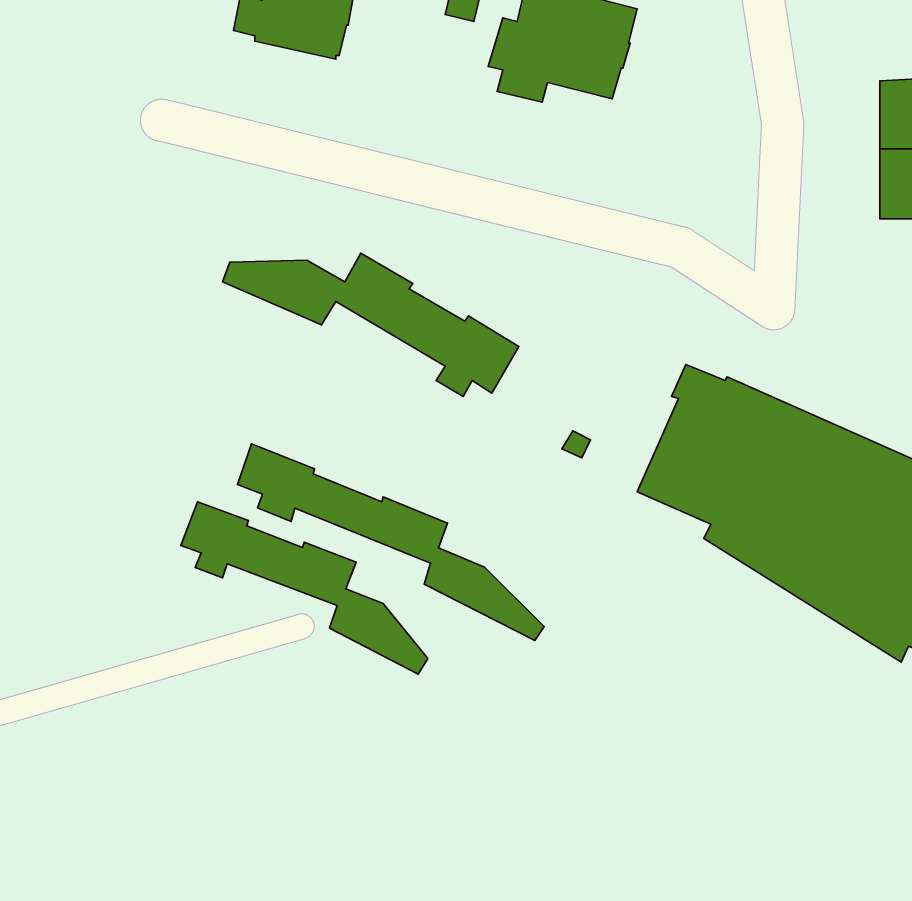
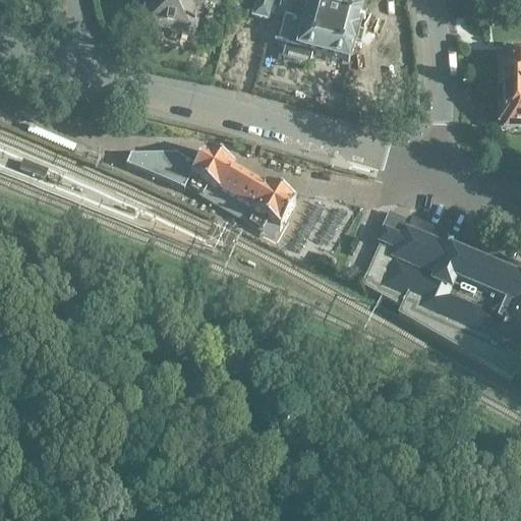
building: [238,444,544,640] -> none
building: [181,502,428,674] -> none

